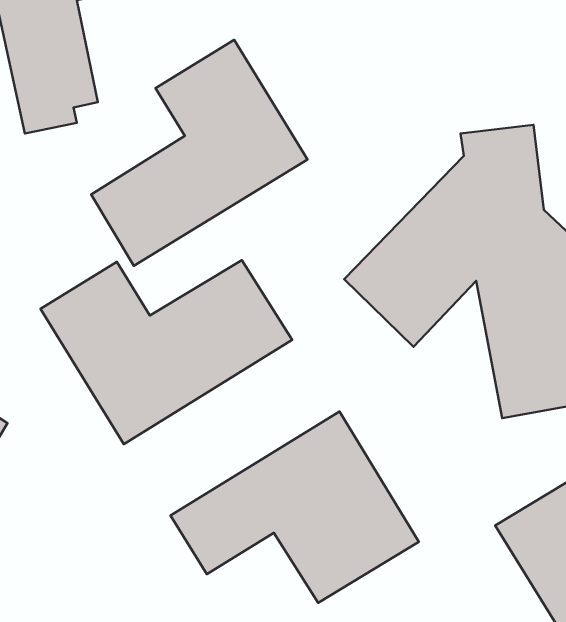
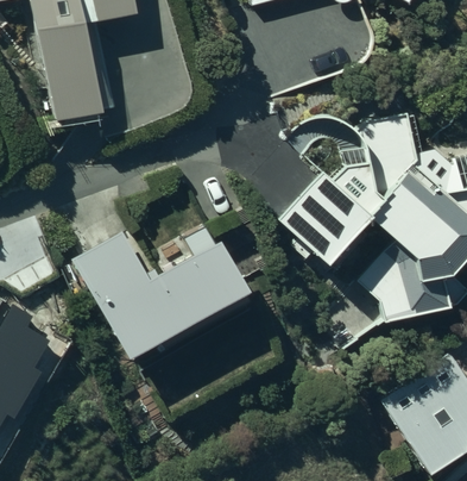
building: [91,40,308,266] -> none
building: [171,412,419,603] -> none

